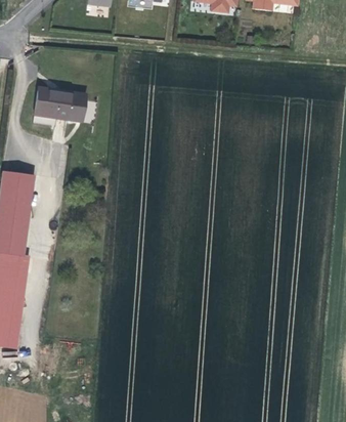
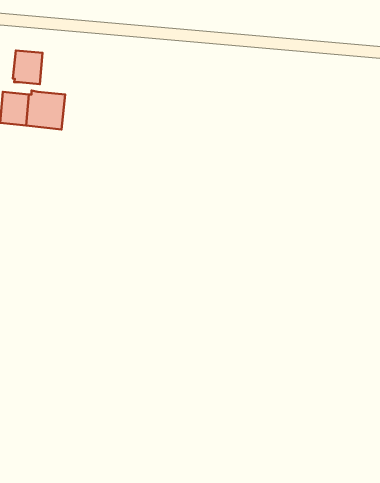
building: none -> [13,51,43,84]

